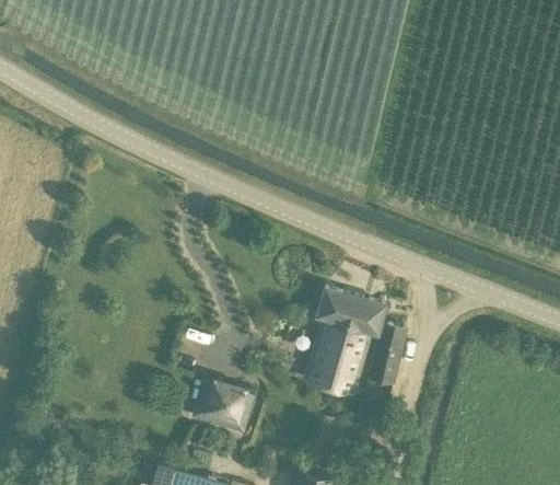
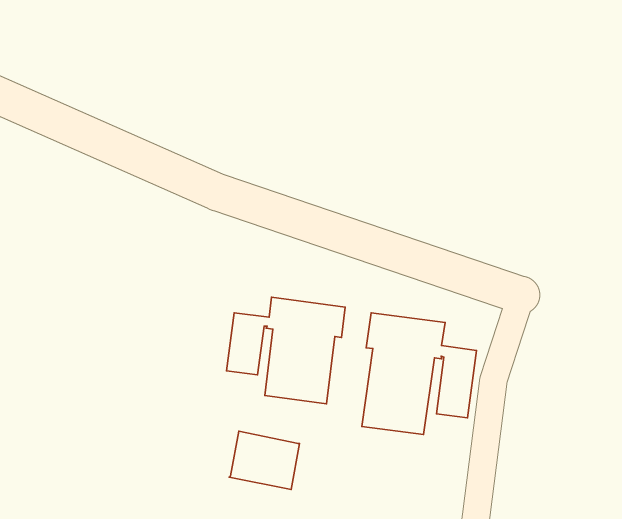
building: none -> [227,297,345,404]

